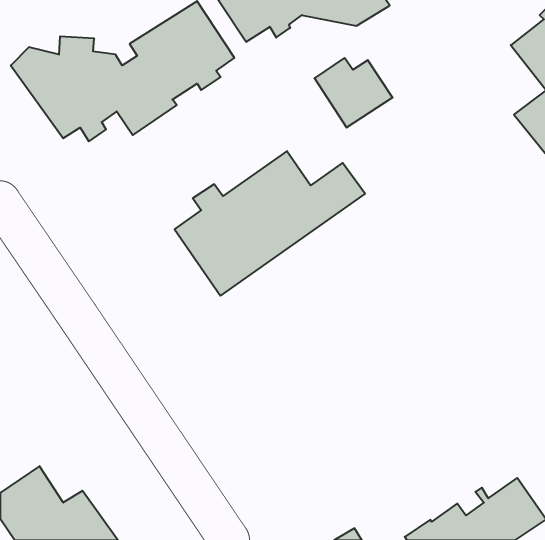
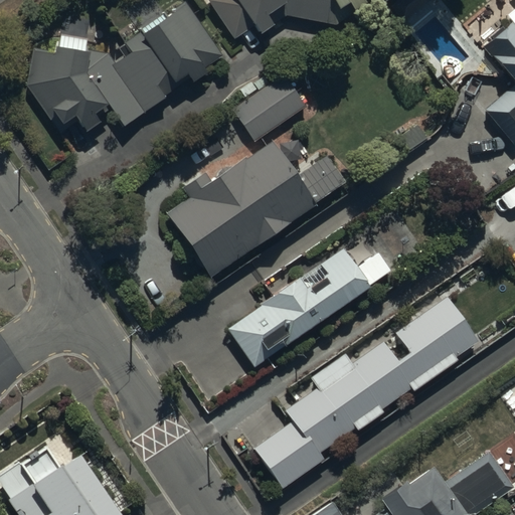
building: [314,58,393,128] -> [234,69,308,135]
building: none -> [228,240,391,366]
building: none -> [251,293,479,494]

